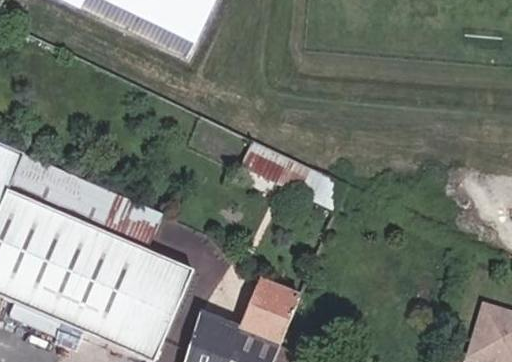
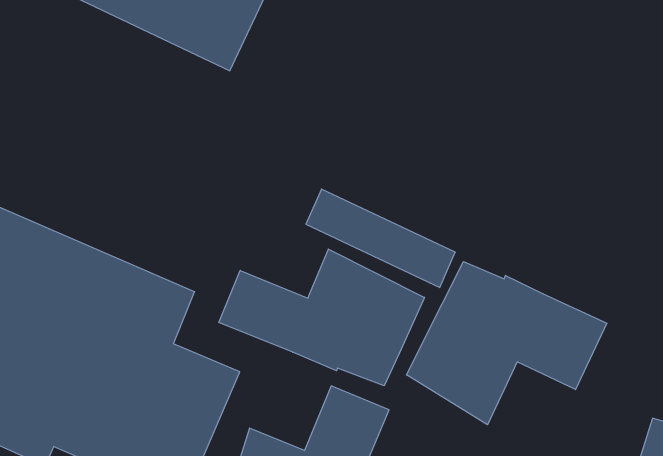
building: none -> [219,249,425,386]
building: none -> [406,262,607,425]

